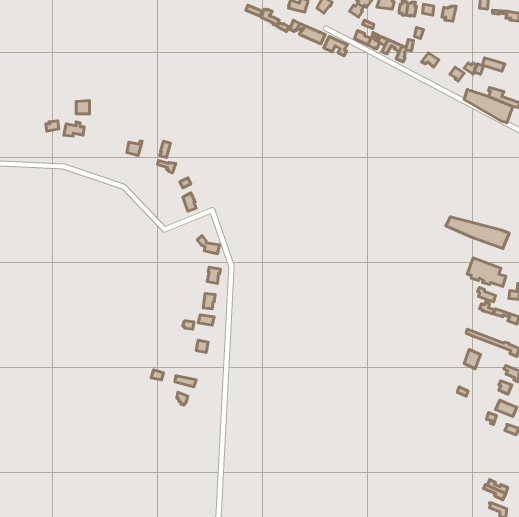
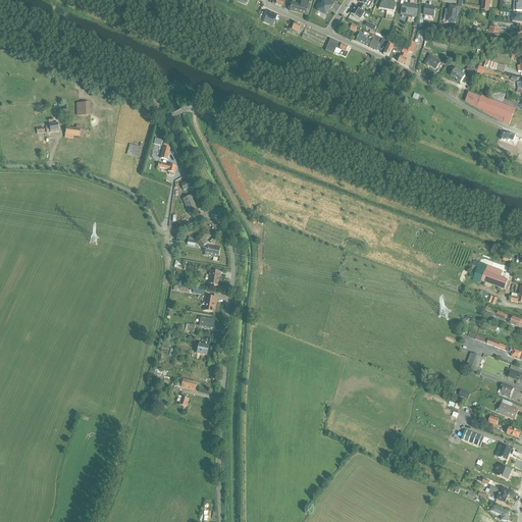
building: [446,217,509,249] -> none

